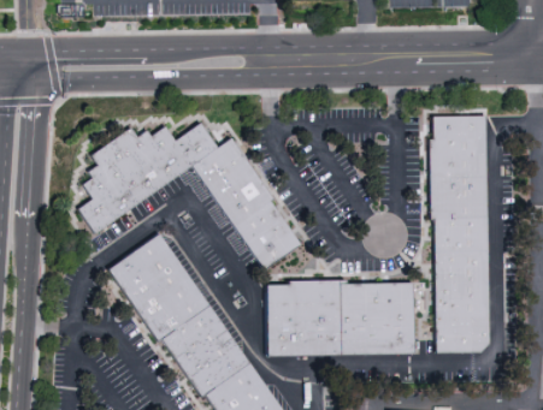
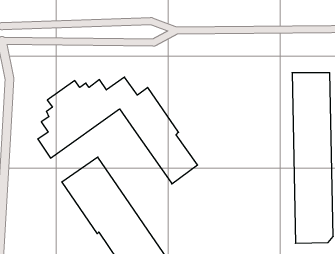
building: [262,279,413,357] -> none

